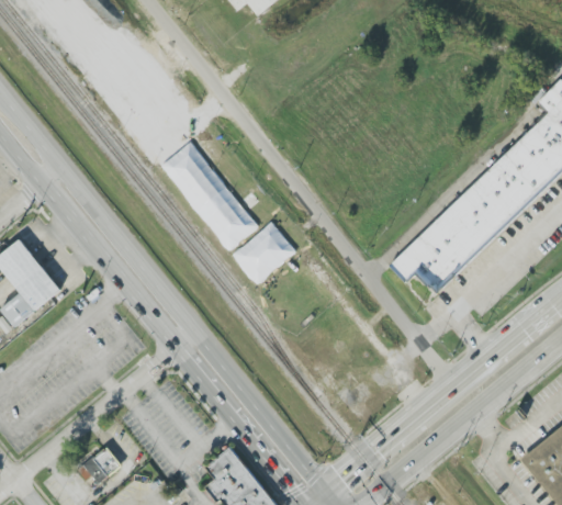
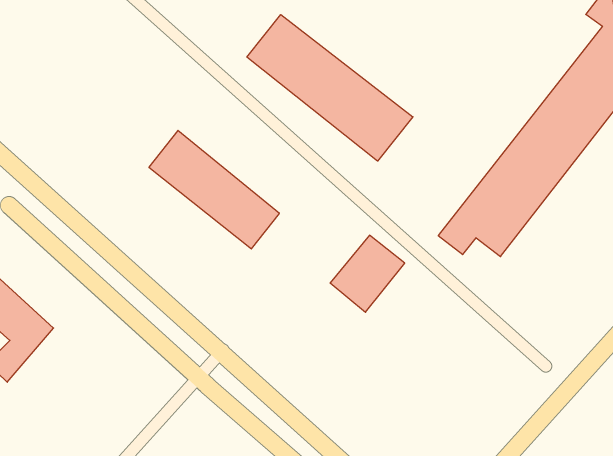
building: none -> [247,15,413,161]
building: [233,223,296,285] -> [330,235,405,312]

